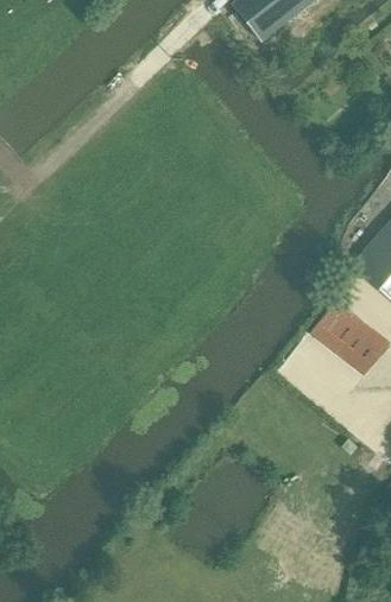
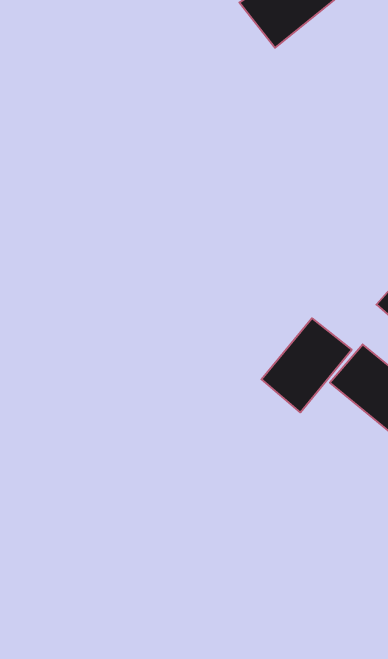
building: none -> [261,318,352,412]

